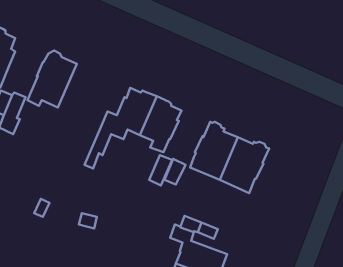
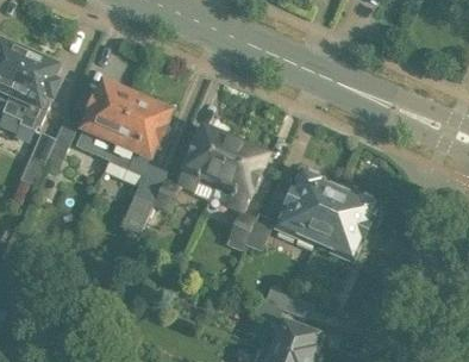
building: none -> [112,96,170,233]

